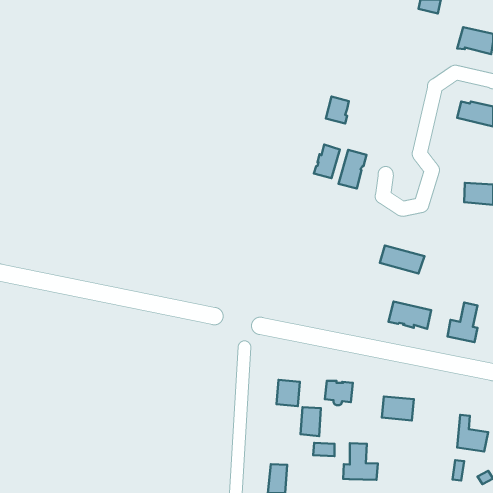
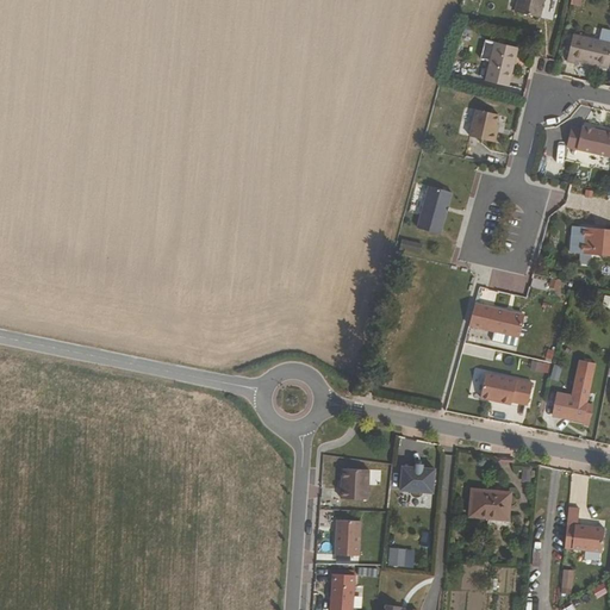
building: none -> [484,41,516,85]
building: [326,96,349,123] -> [469,107,498,141]
building: [314,145,340,178] -> none
building: [301,407,321,436] -> [334,519,359,555]
building: [343,443,378,480] -> none

